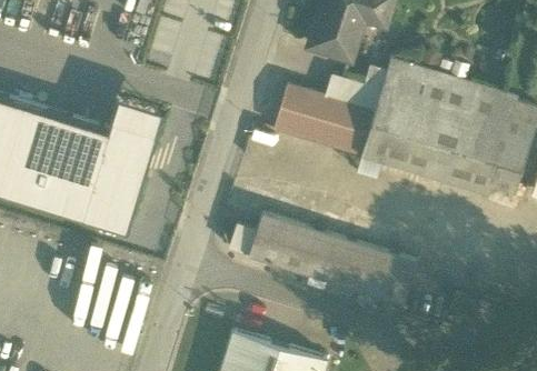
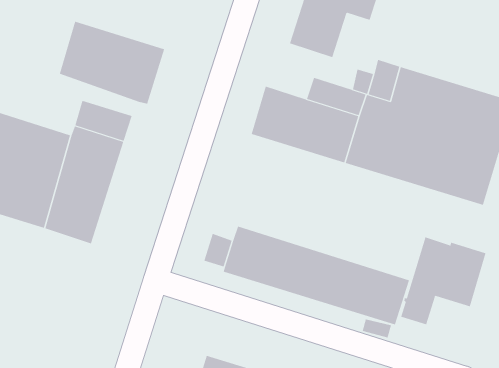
building: none -> [59,21,165,104]
building: none -> [400,236,486,325]

